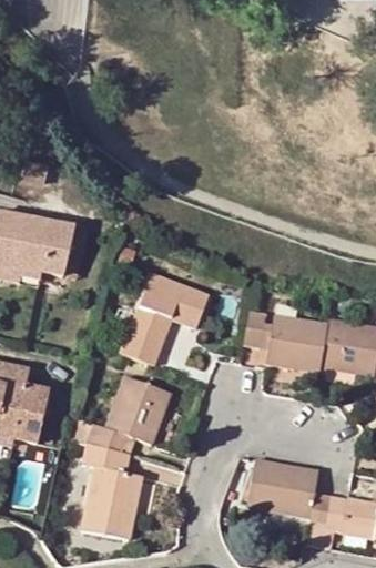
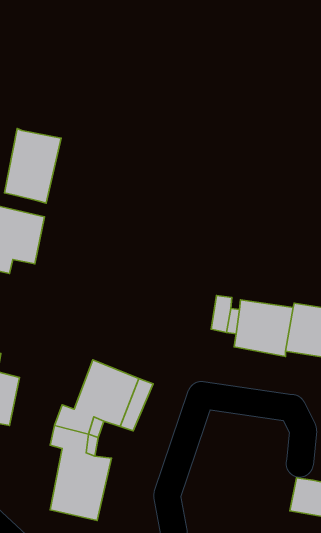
building: none -> [5,128,61,203]
building: [120,272,209,364] -> none
building: [246,458,329,528] -> none

